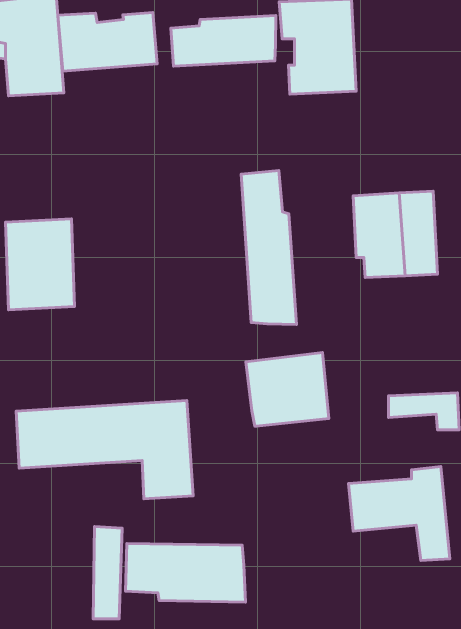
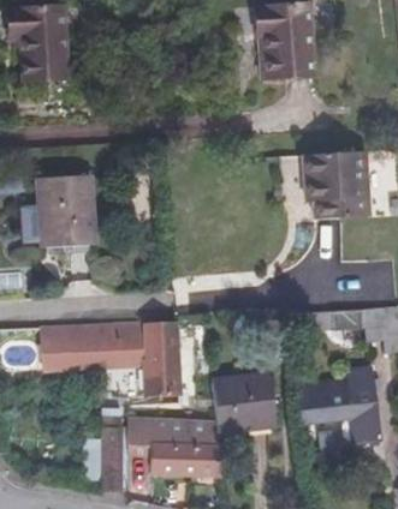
building: [58,12,157,71] -> none
building: [171,15,276,66] -> none
building: [241,170,297,324] -> none
building: [246,352,329,426] -> [212,372,277,430]

